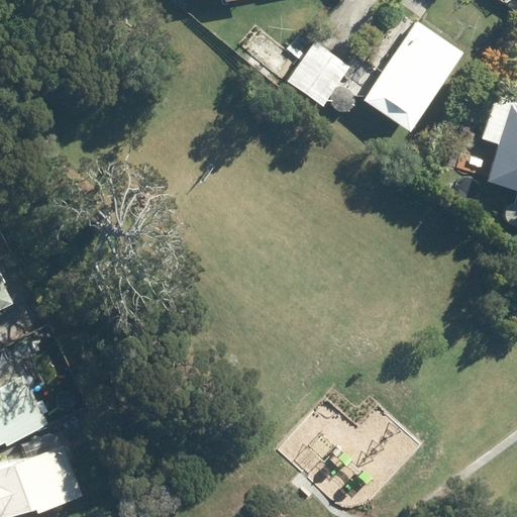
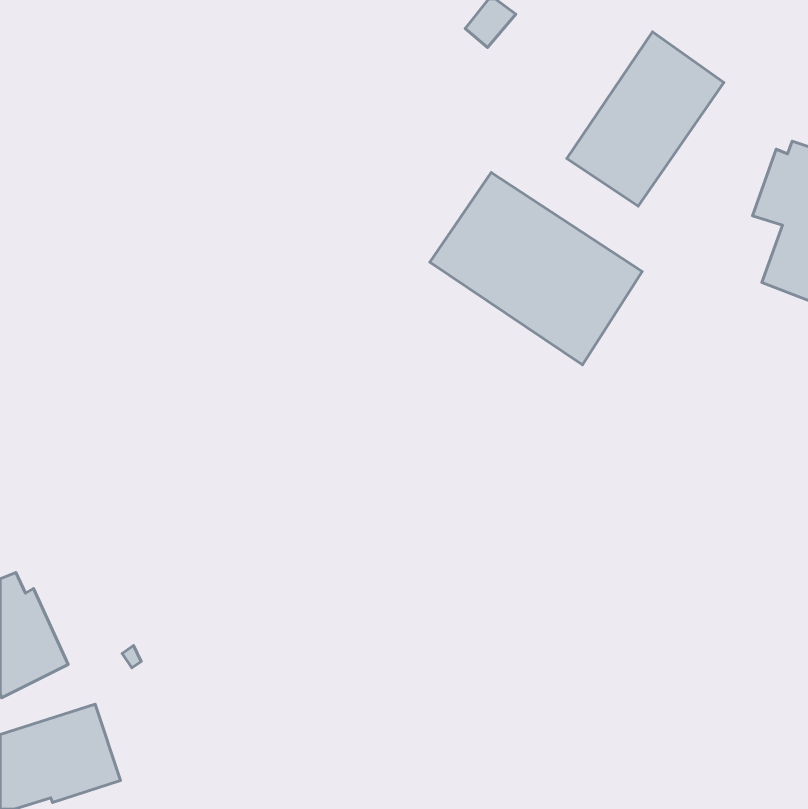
building: [287,41,349,106] -> none
building: none -> [430,172,642,365]

